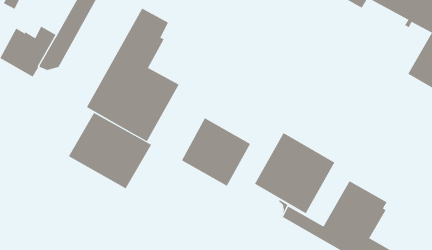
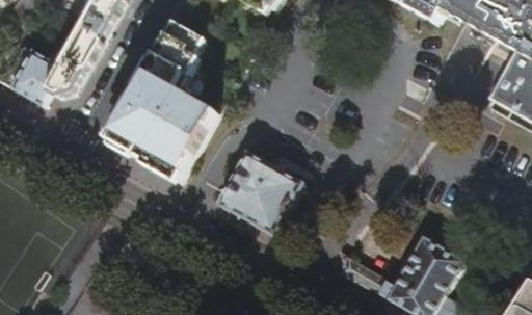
building: [68,112,152,189] -> none
building: [254,132,335,214] -> none

